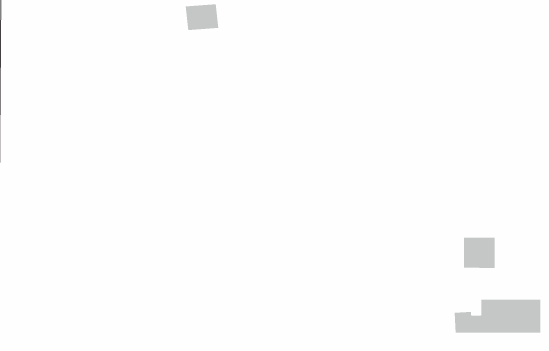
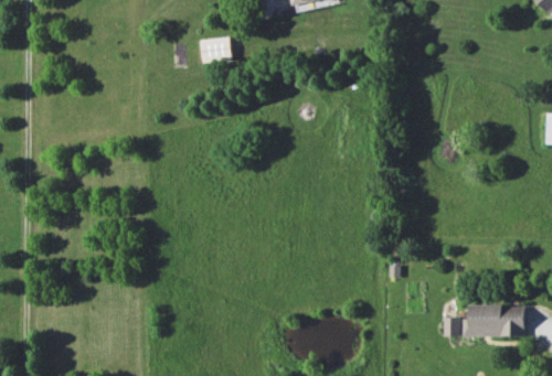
building: [464,237,495,269] -> none

